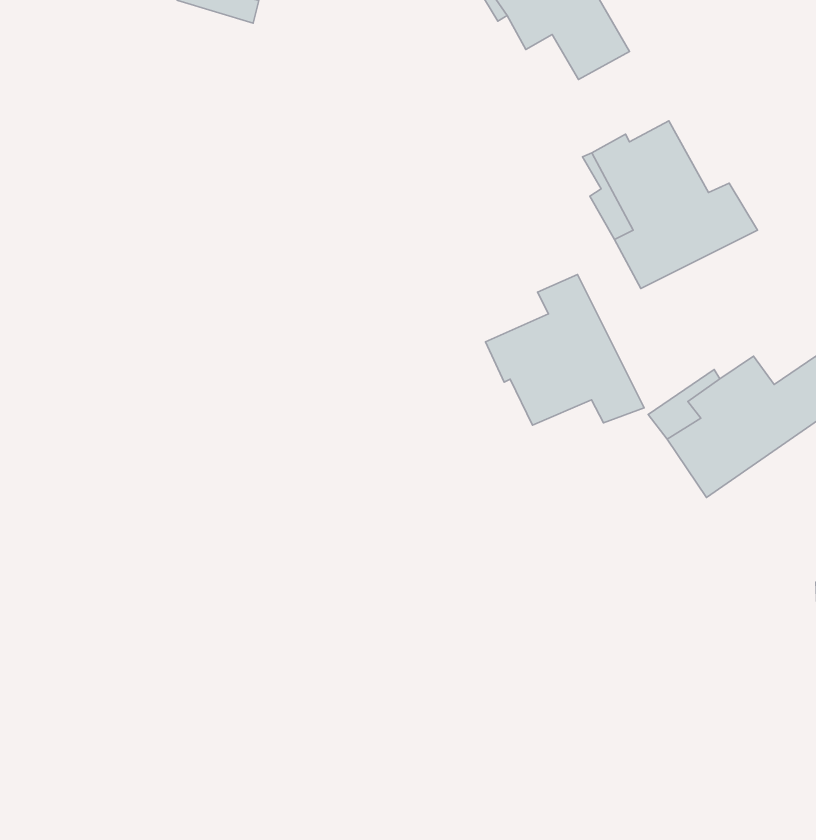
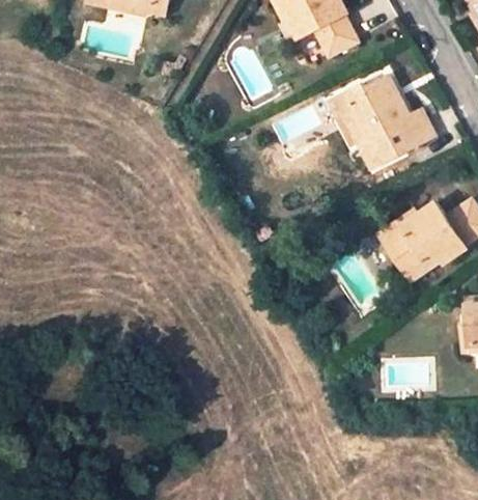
building: [486,274,644,425] -> none

